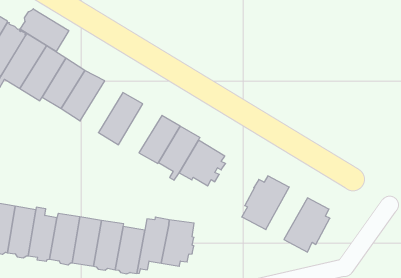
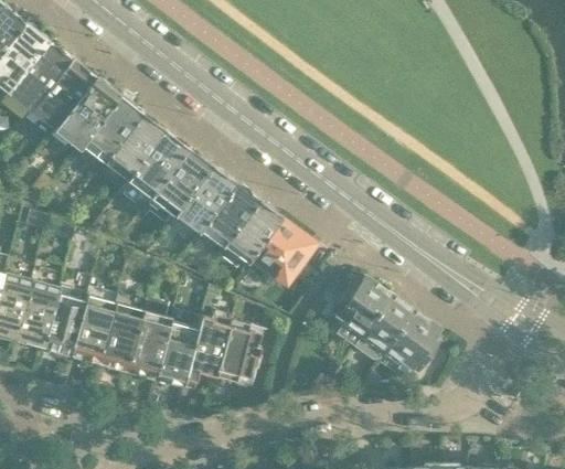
building: [20,9,69,51] -> none
building: none -> [129,131,189,198]
building: none -> [172,167,236,237]
building: none -> [355,296,414,363]

